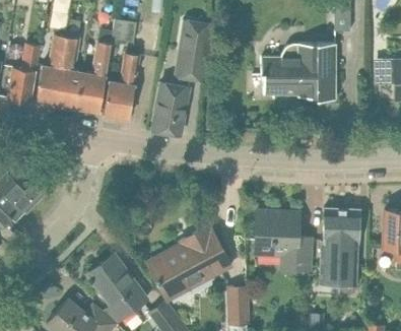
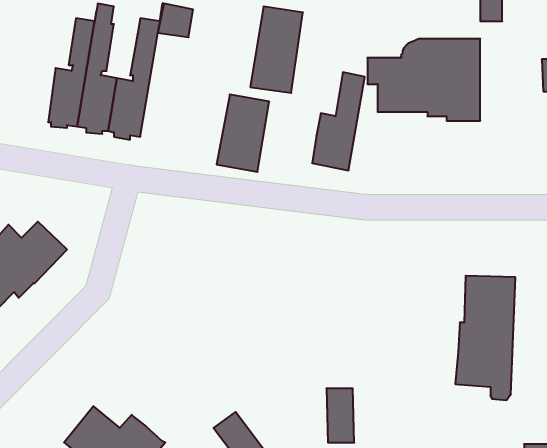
building: [8,44,40,103] -> none
building: [104,52,140,120] -> [312,72,365,170]
building: [255,211,311,271] -> none
building: [150,225,231,300] -> none
building: [87,255,148,323] -> none

